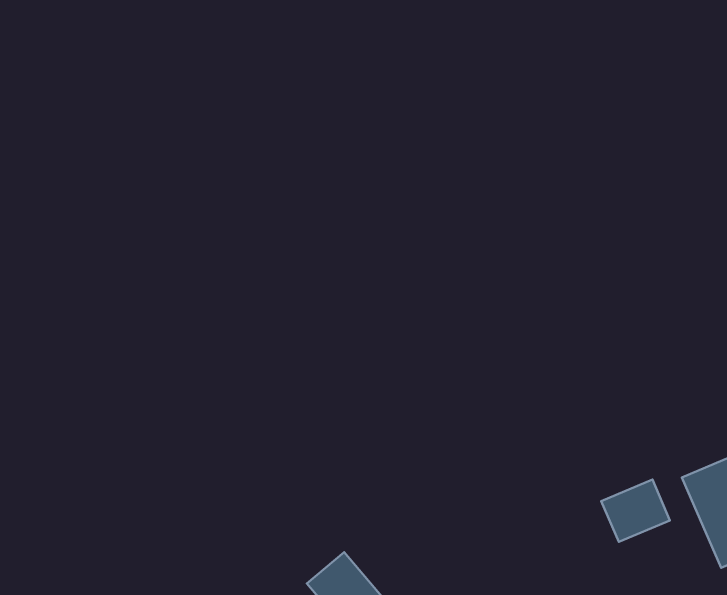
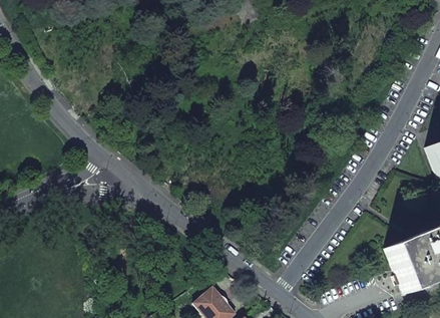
building: [601,480,670,542] -> none

